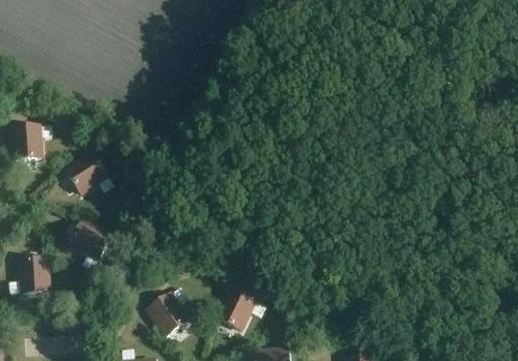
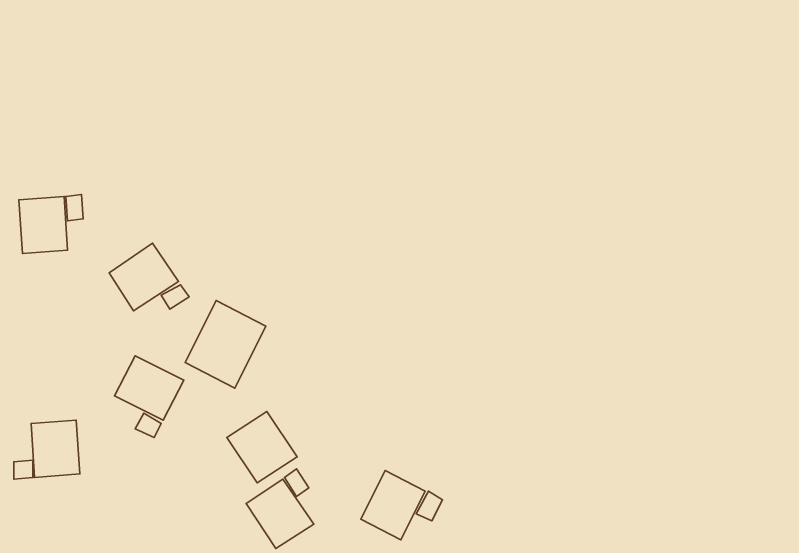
building: none -> [185,301,266,388]
building: none -> [227,412,297,483]

